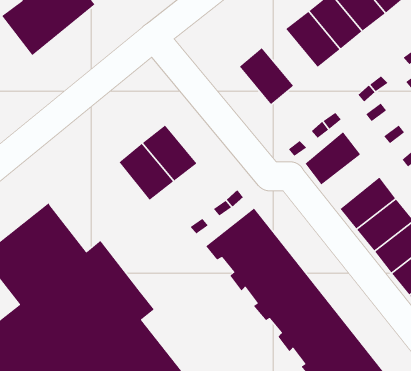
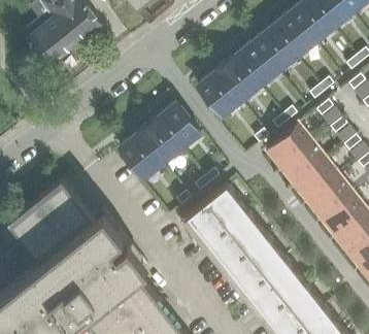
building: none -> [232,42,276,88]
building: none -> [194,72,239,118]
building: none -> [155,103,199,149]
building: none -> [279,142,326,186]

